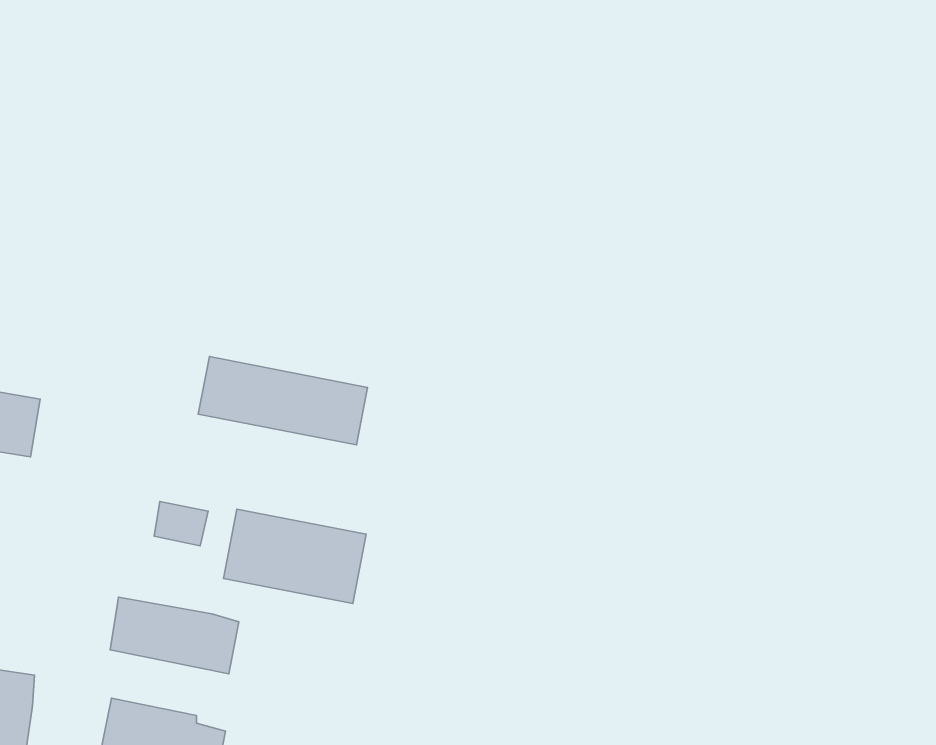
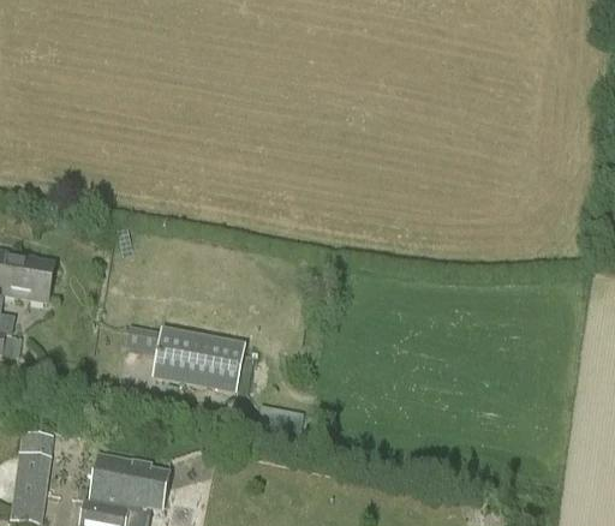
building: [198,357,368,445] -> none
building: [110,597,239,674] -> none

